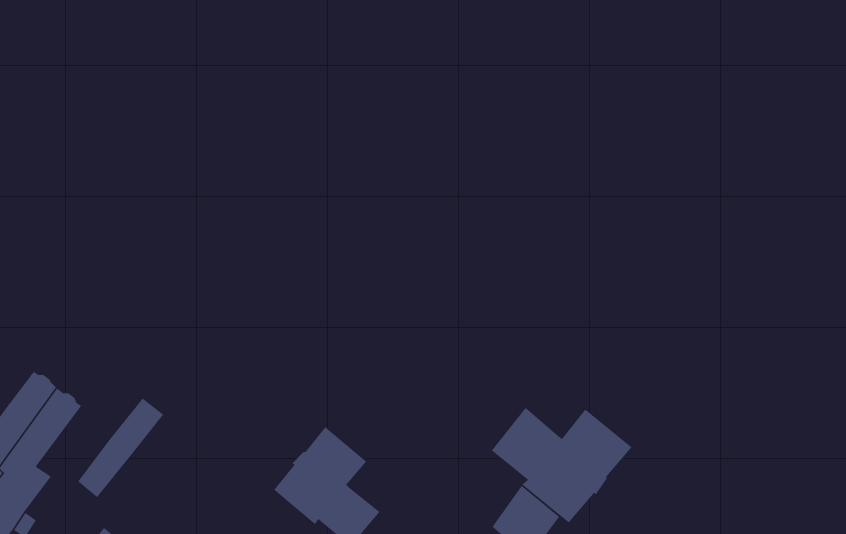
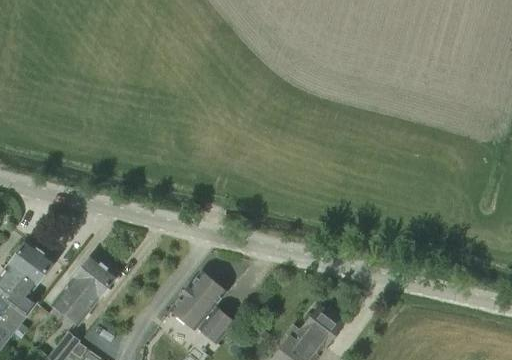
building: [491,407,632,523] -> none
building: none -> [64,265,117,326]

